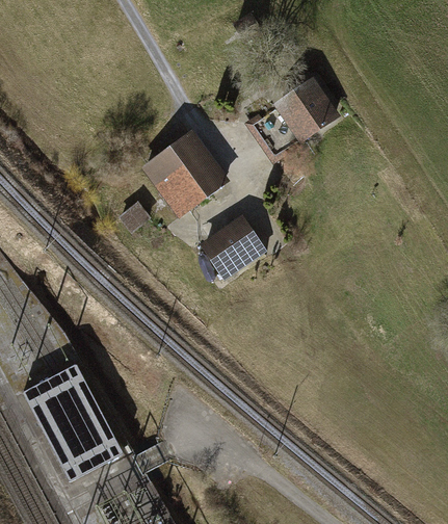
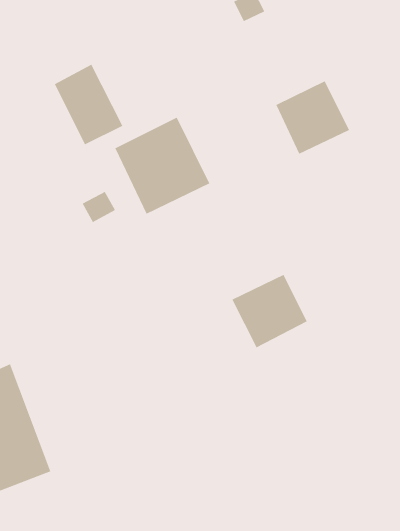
building: none -> [54,64,123,145]
building: [197,215,266,283] -> [231,274,307,348]

